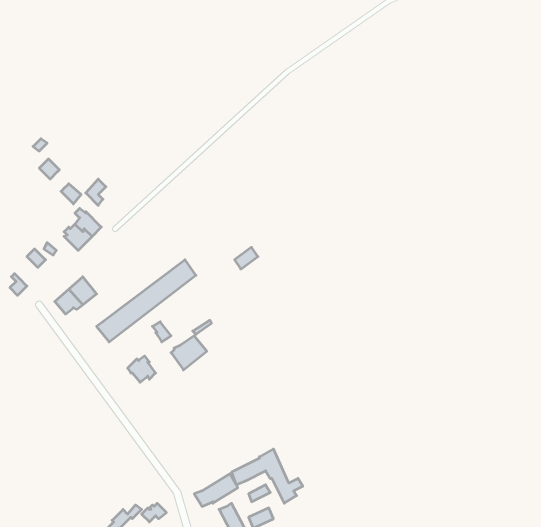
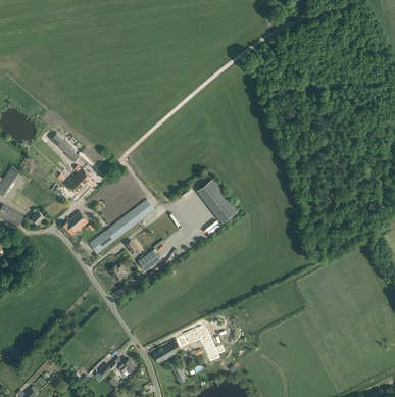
building: none -> [196,178,238,222]

